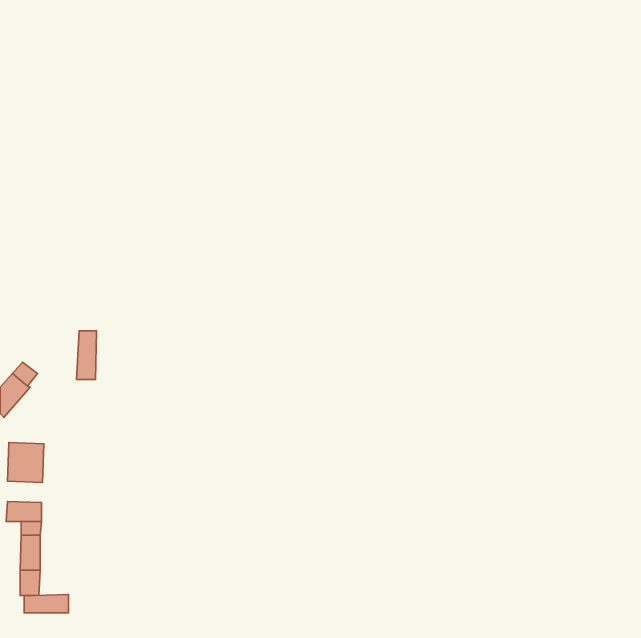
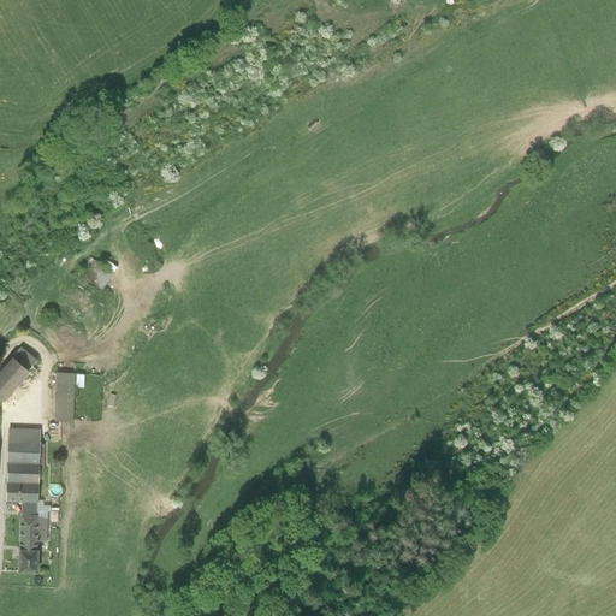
building: [77,331,97,380] -> [55,373,75,420]
building: none -> [7,462,41,482]
building: [24,595,68,613] -> none

